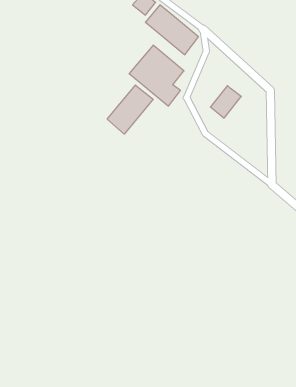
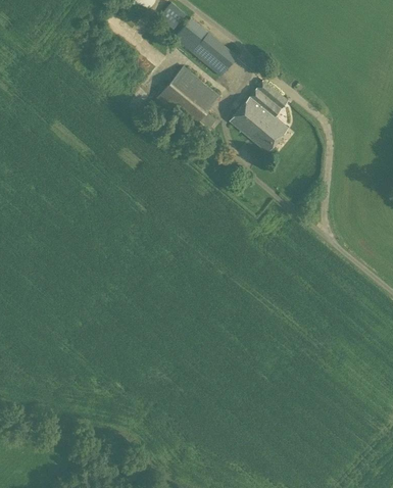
building: none -> [231,80,289,139]
building: [107,85,153,134] -> none

